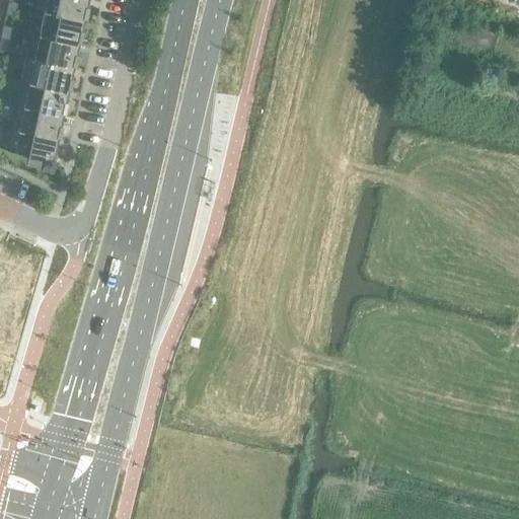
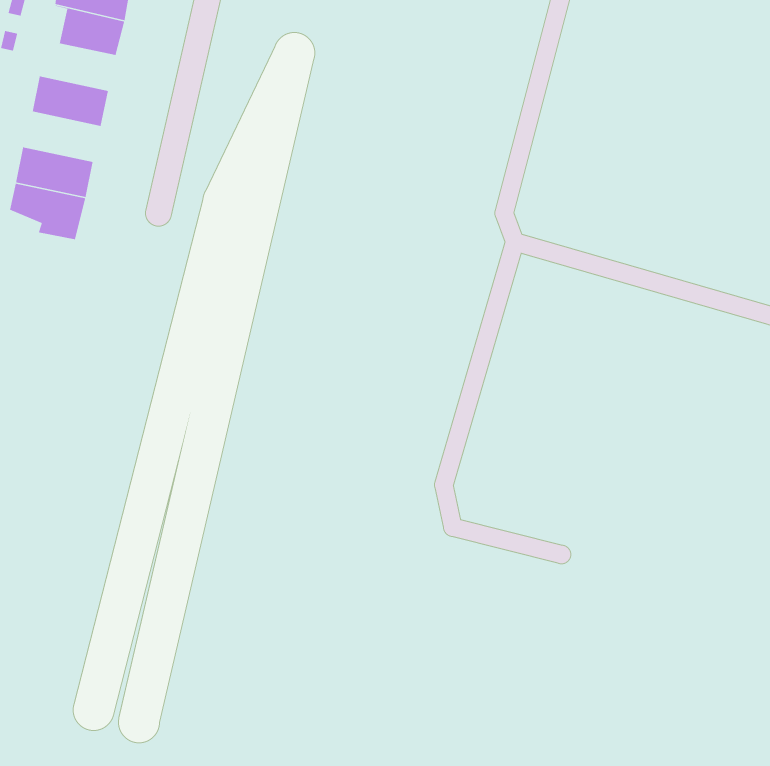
building: [27,29,79,61] -> none
building: [16,75,69,108] -> none

